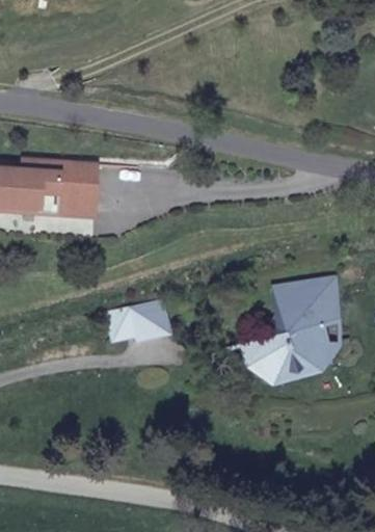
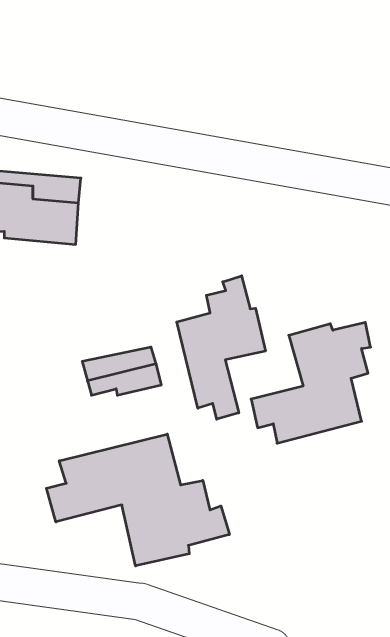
building: none -> [177,276,265,419]
building: none -> [46,434,229,566]

